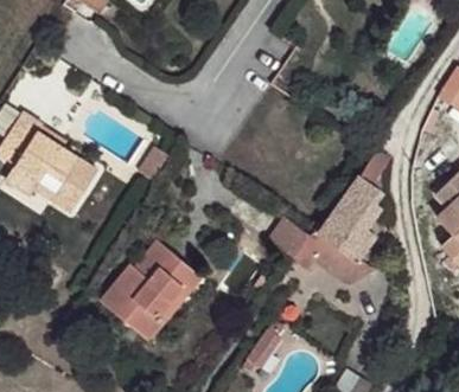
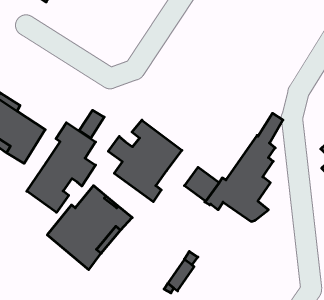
building: none -> [108,120,182,202]
building: none -> [27,123,96,212]

